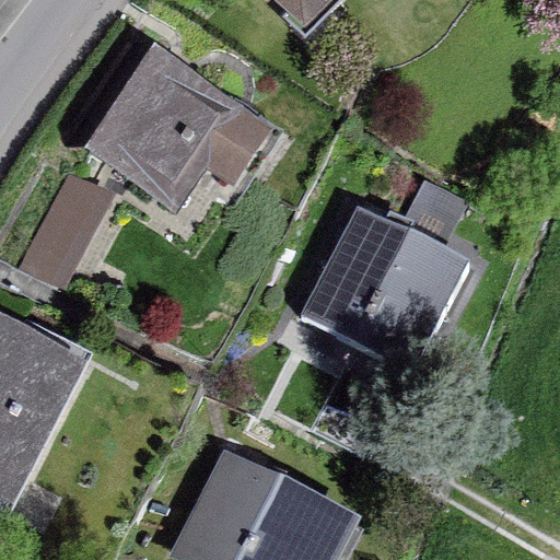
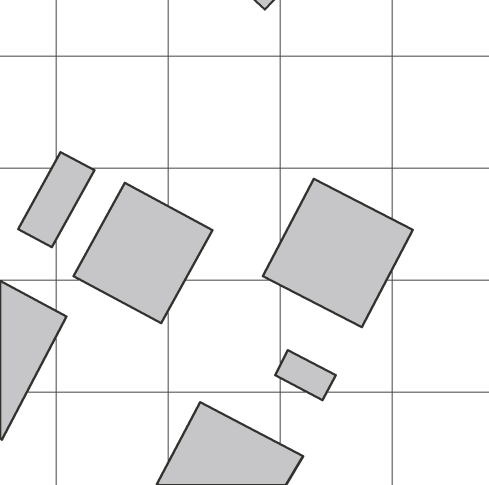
building: [83,48,276,199] -> none
building: none -> [74,183,212,323]

